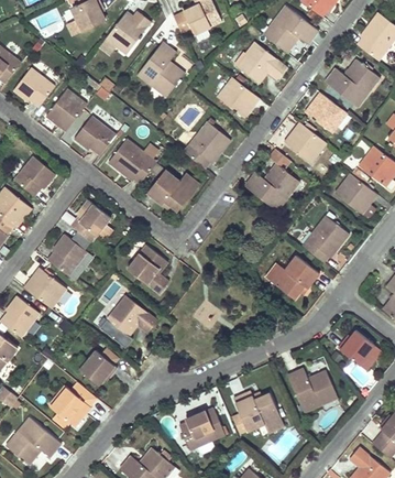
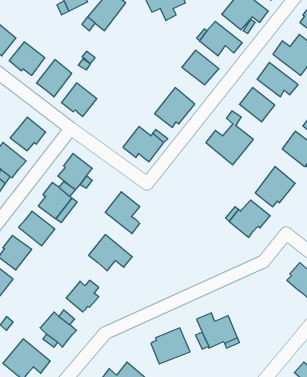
building: [136,41,185,97] -> none
building: [108,138,156,184] -> none
building: [286,366,337,411] -> none

